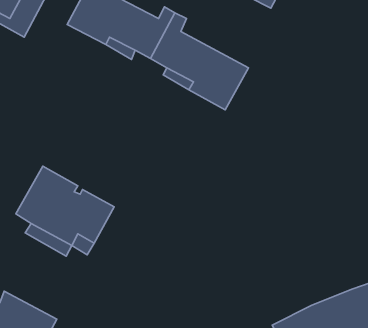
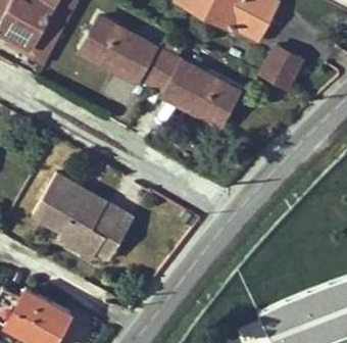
building: none -> [260,46,301,88]

